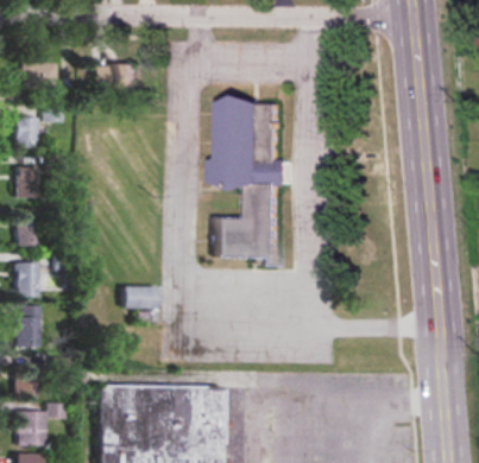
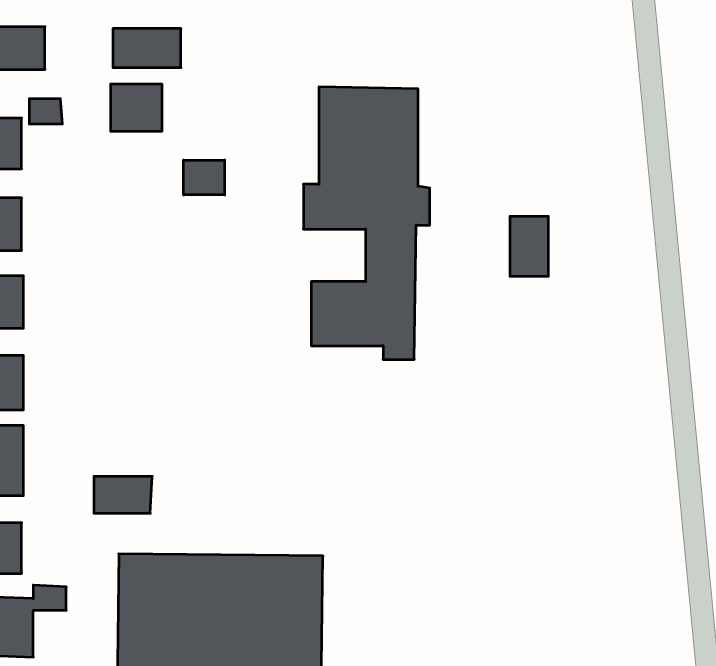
building: none -> [111,84,162,131]
building: none -> [184,160,225,195]
building: none -> [510,216,548,276]
building: [118,286,153,309] -> [94,476,152,513]

